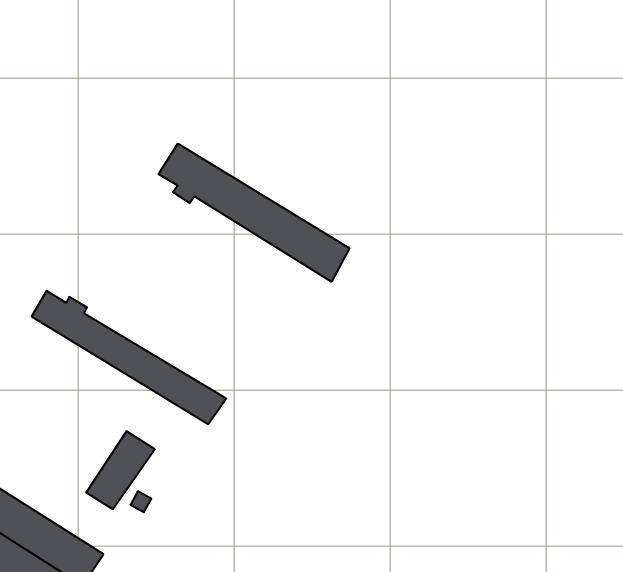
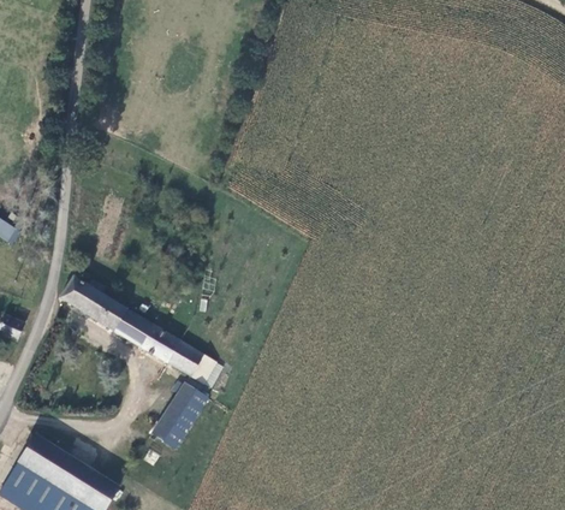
building: [159,144,349,282] -> none
building: [86,431,155,509] -> [151,384,207,446]

